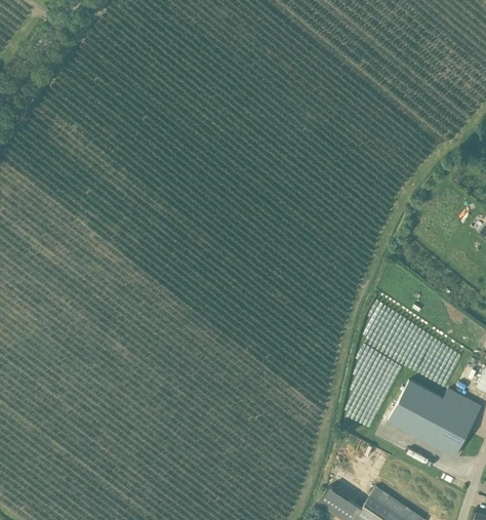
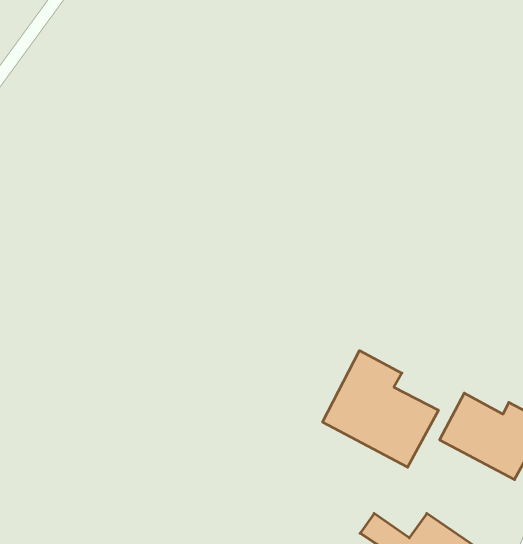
building: none -> [323,351,438,467]

